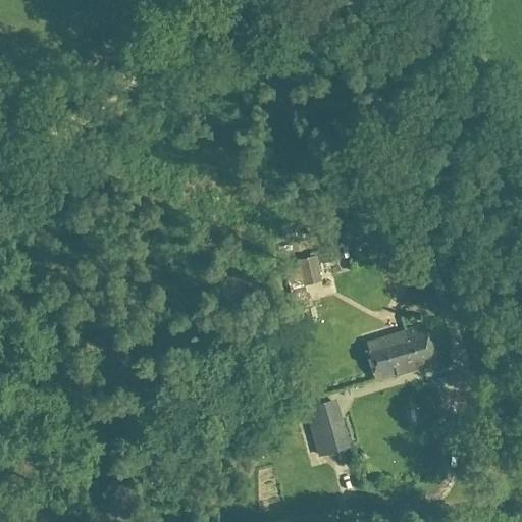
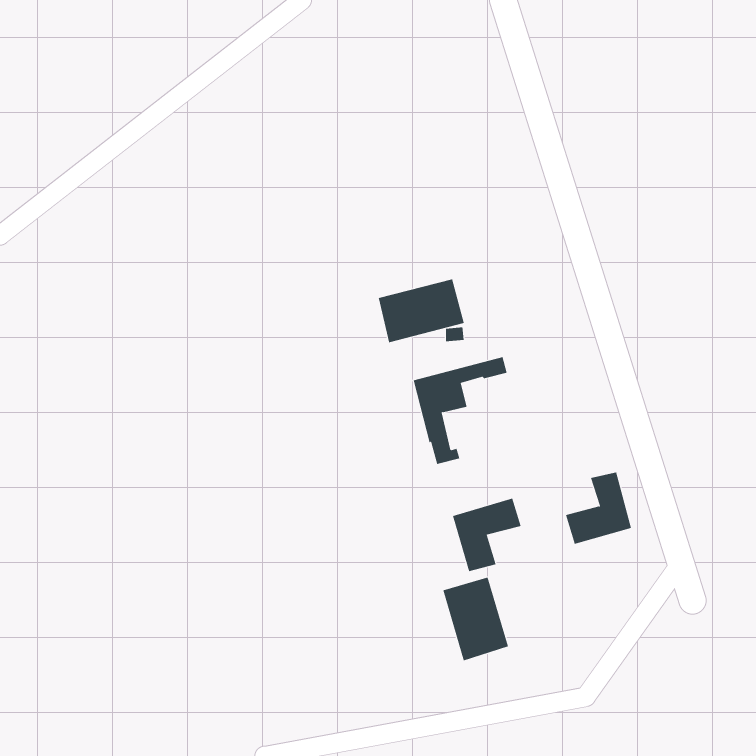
building: none -> [378,278,464,343]
building: [365,329,413,380] -> [452,498,522,572]

